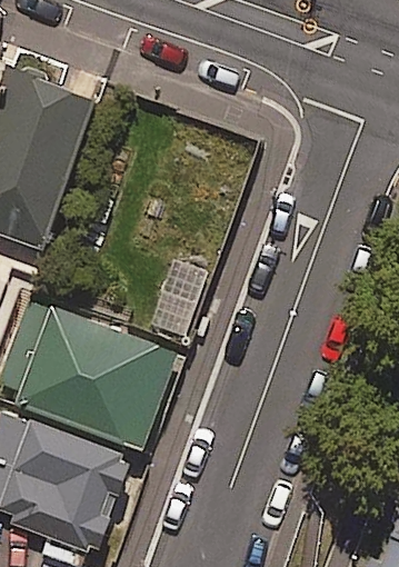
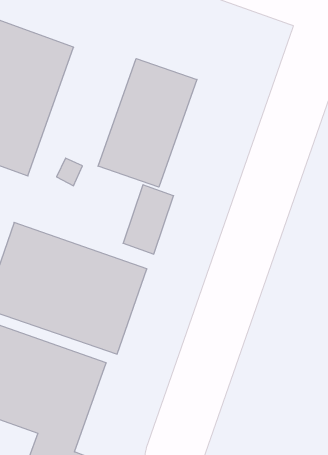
building: none -> [98,59,197,187]

